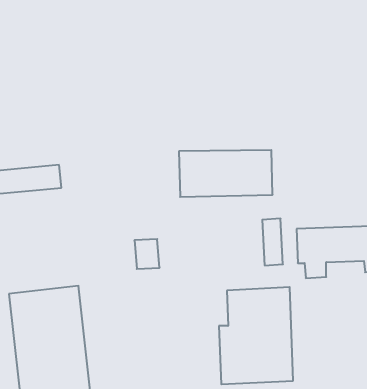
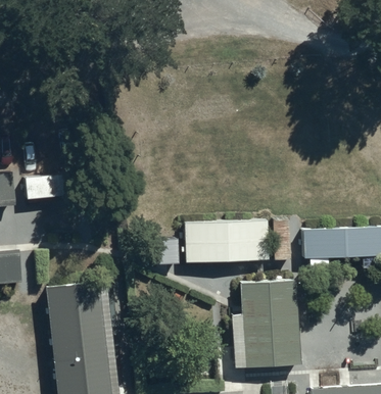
building: [179,150,273,197] -> [184,220,268,262]

